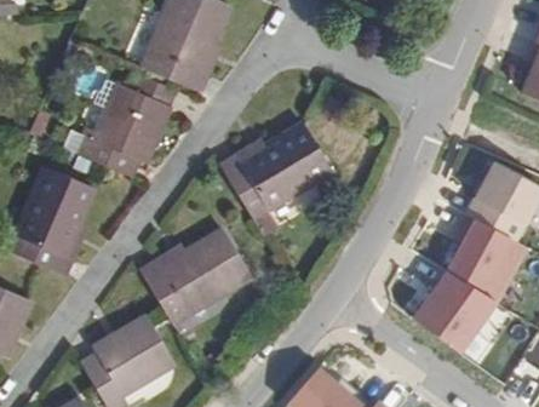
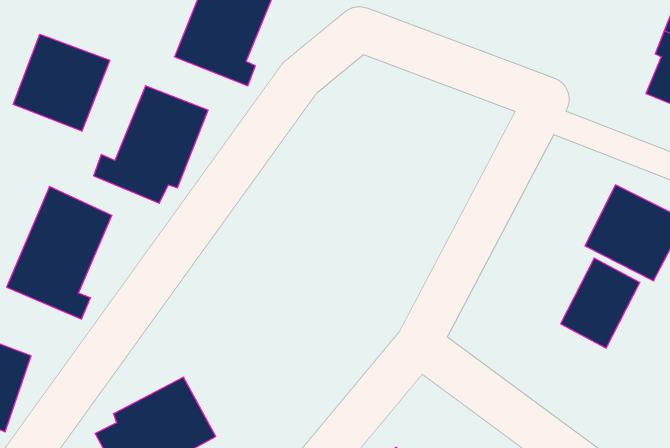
building: none -> [13,34,110,131]
building: [220,121,332,217] -> none
building: [139,228,251,322] -> none
building: [413,274,499,356] -> none

